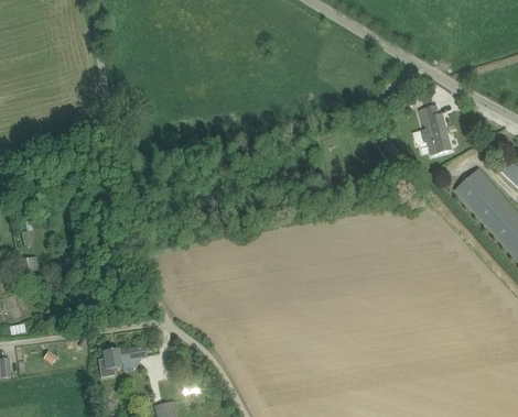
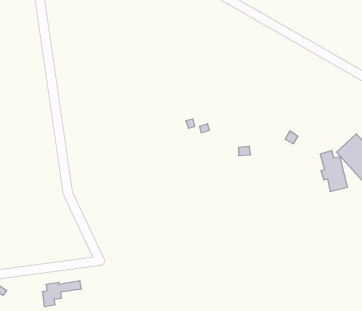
building: [419,106,452,155] -> [320,151,347,192]

